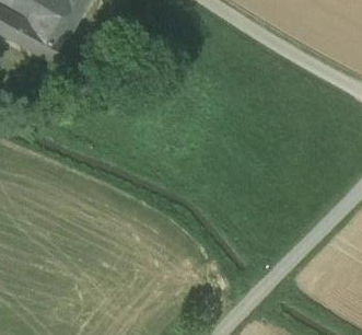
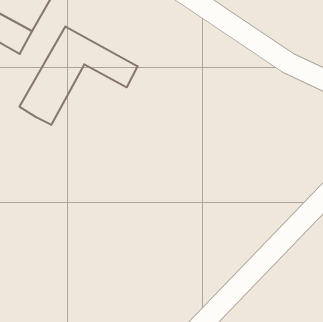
building: none -> [20,26,138,125]

